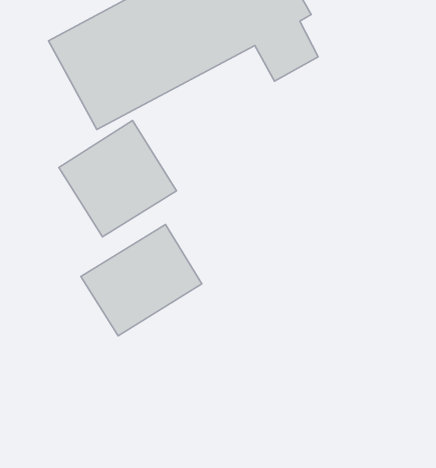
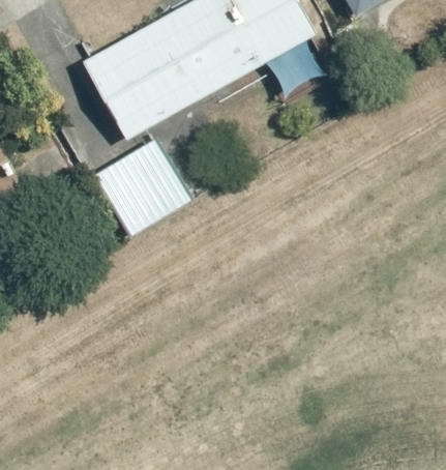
building: [81,225,202,336] -> none

